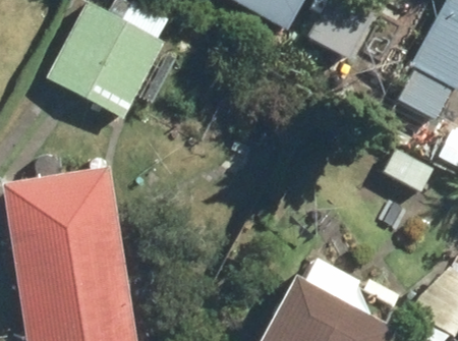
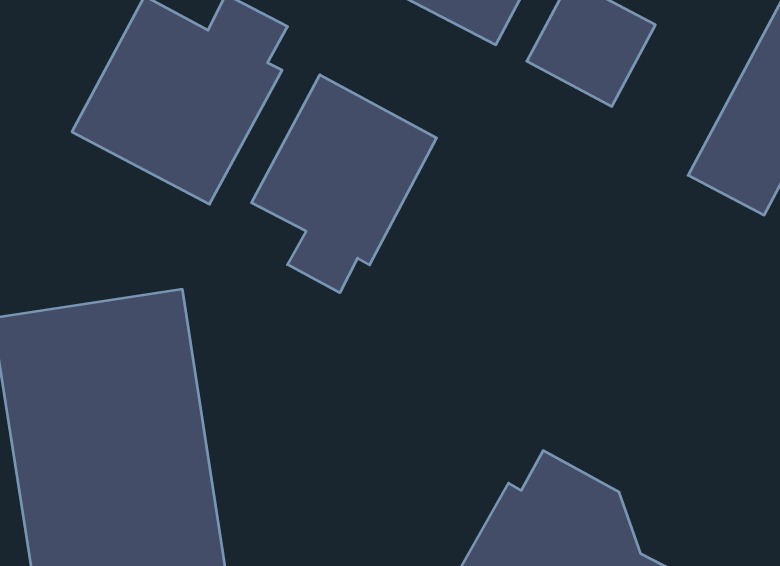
building: none -> [252,75,437,293]

